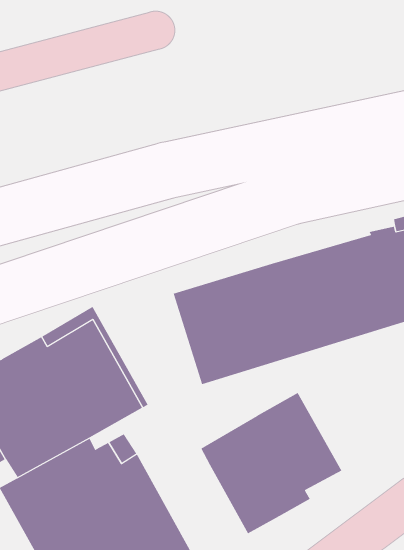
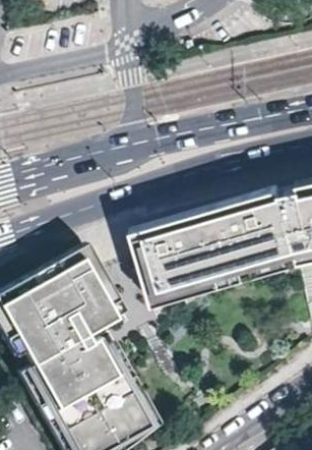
building: none -> [134,187,283,303]
building: [200,392,342,534] -> none

